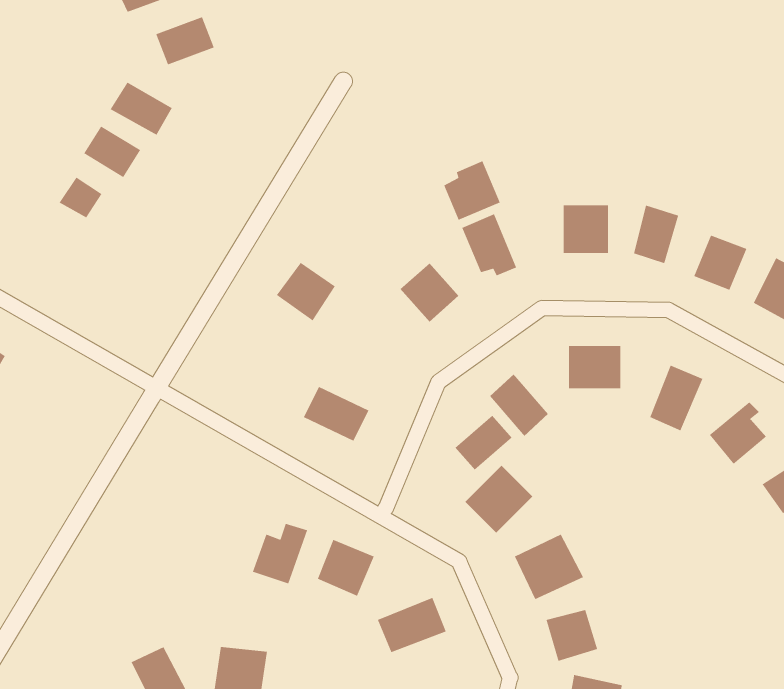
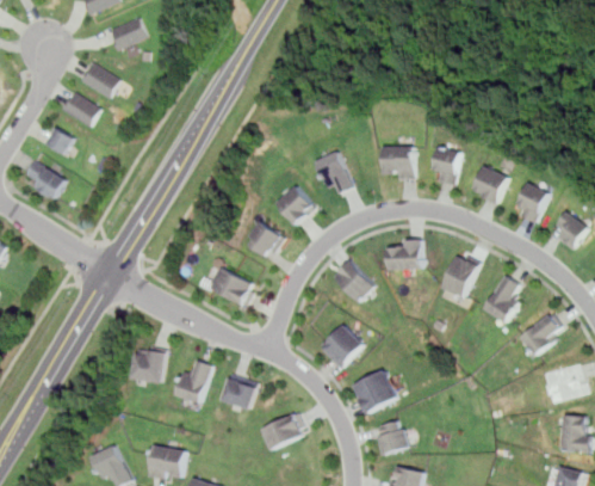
building: [443,160,501,221] -> none
building: none -> [23,160,64,202]
building: [276,262,336,321] -> [242,221,283,262]
building: [454,415,513,470] -> none
building: none -> [130,349,165,383]

